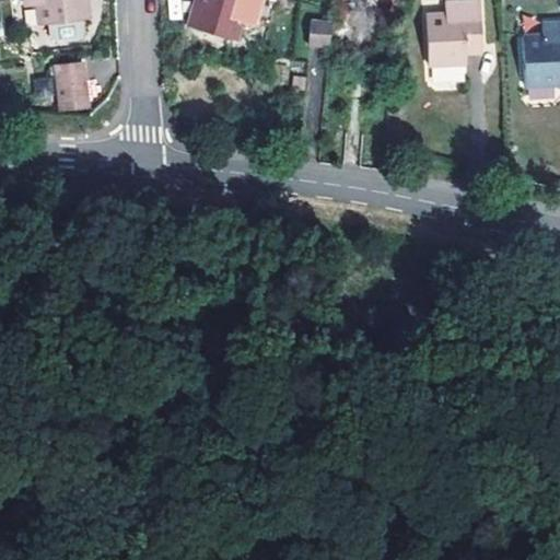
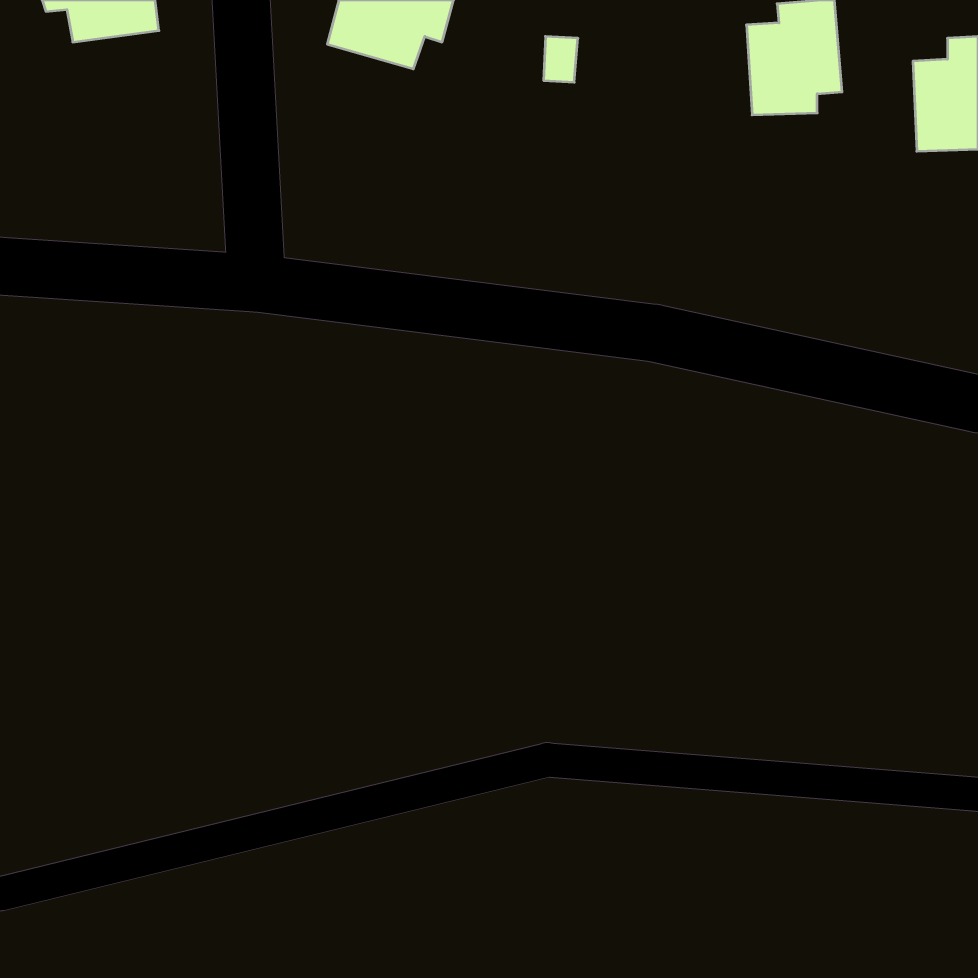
building: [57,59,92,100] -> none

